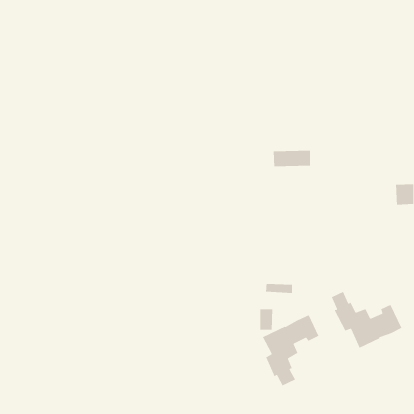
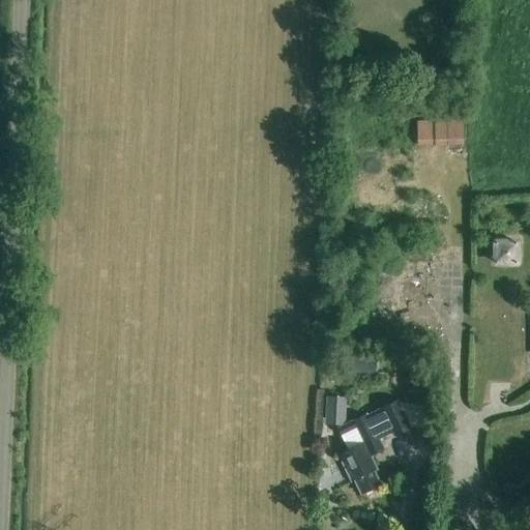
building: [273,150,311,167] -> [413,121,462,143]
building: [331,291,403,349] -> none

